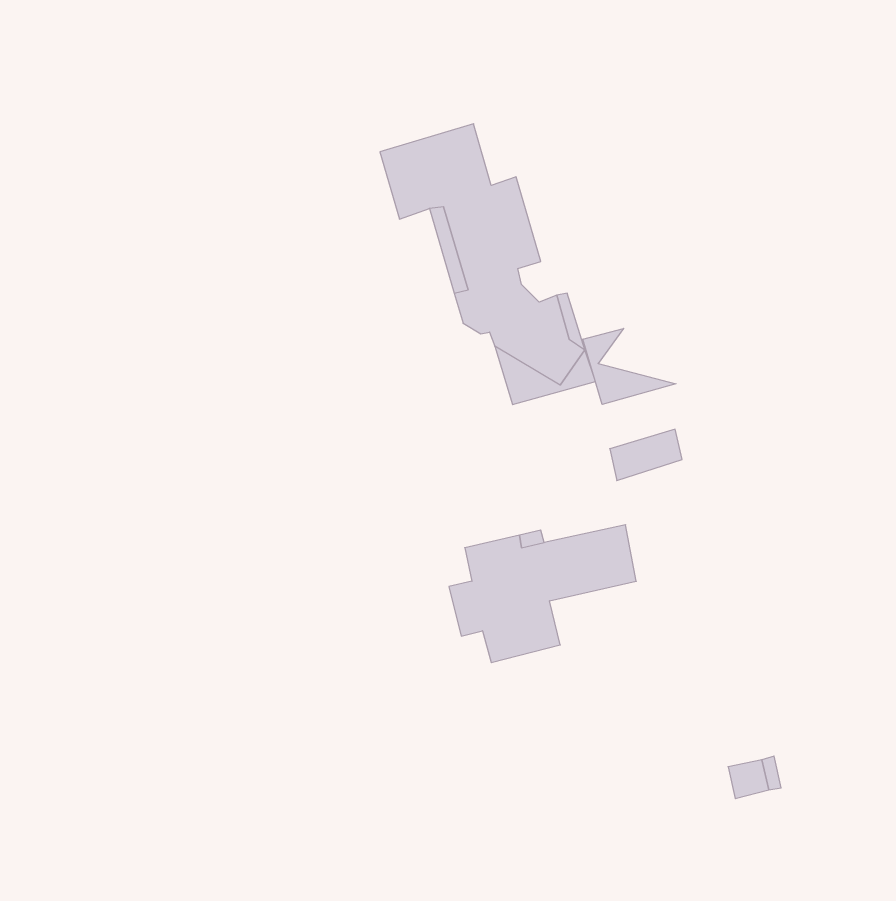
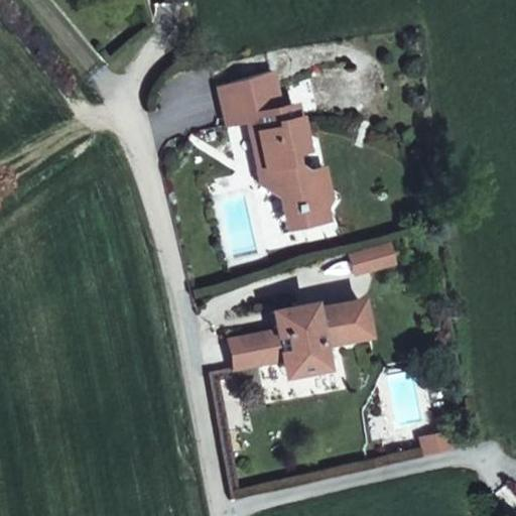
building: [583,328,676,404] -> none
building: none -> [224,336,267,372]

